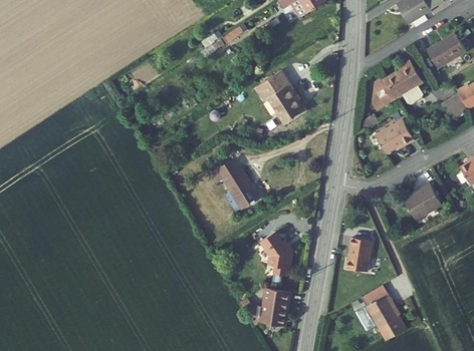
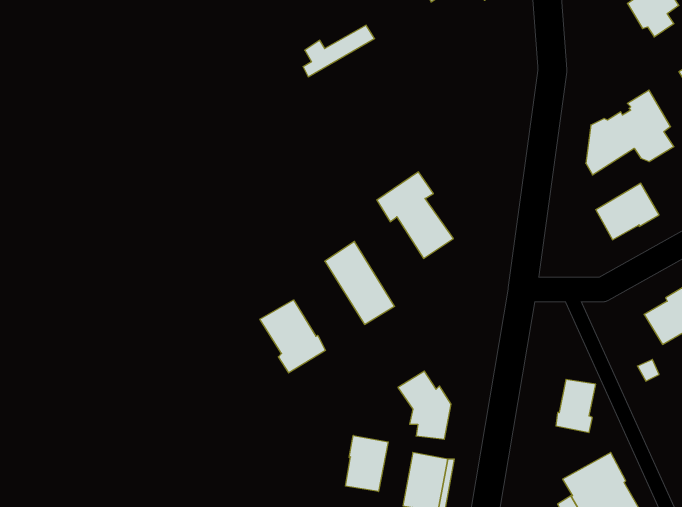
building: [257,68,303,120] -> [377,172,453,258]
building: none -> [260,300,325,373]
building: none -> [346,435,388,492]

